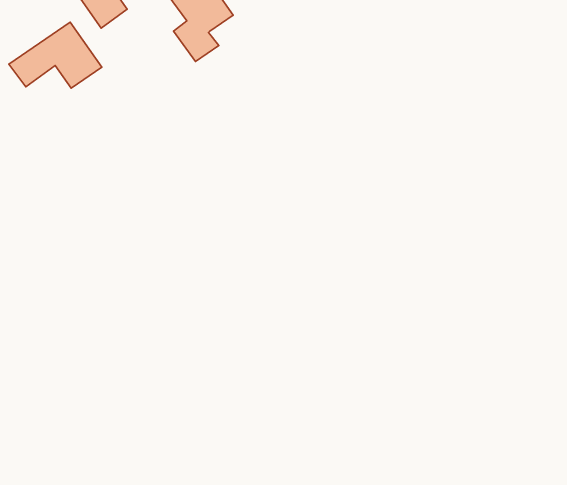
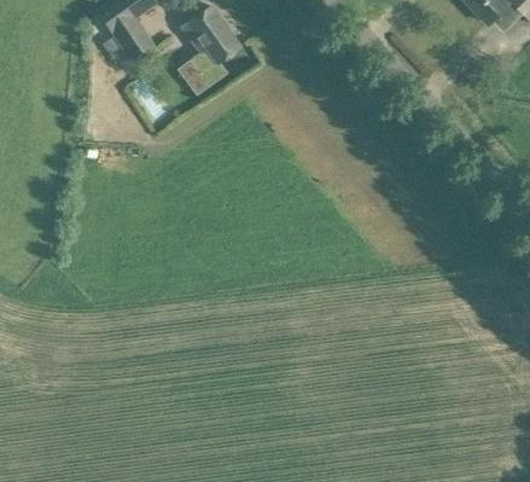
building: [9,22,102,88] -> none

